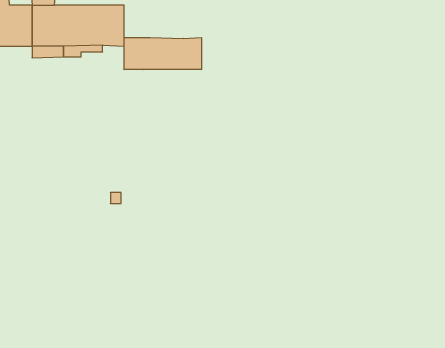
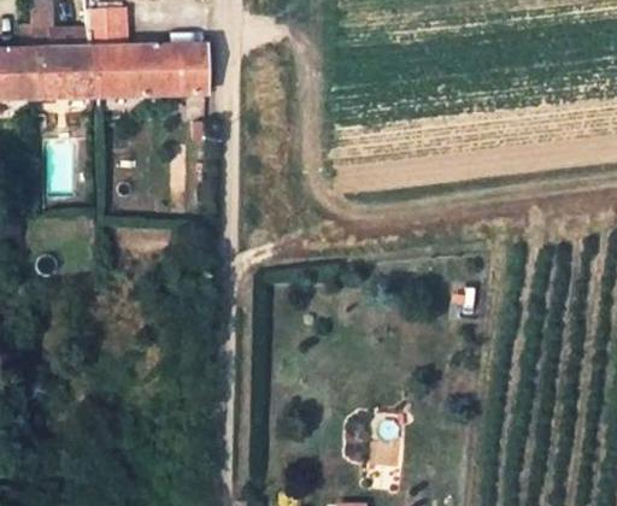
building: [124,38,201,70] -> none

